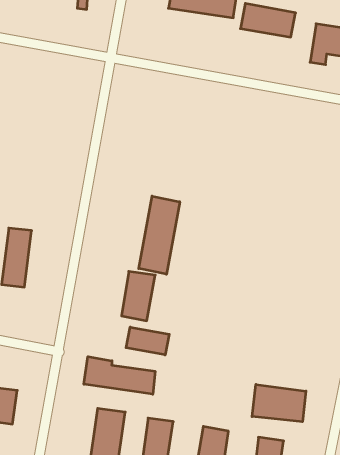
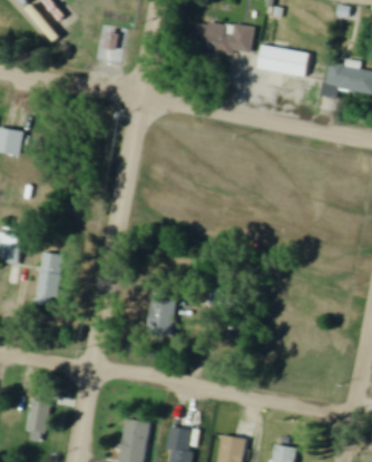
building: [139,196,180,274] -> none
building: [126,327,169,355] -> none
building: [84,357,155,394] -> none
building: [252,384,306,422] -> none

